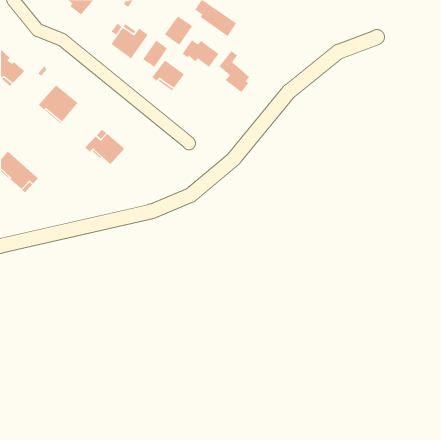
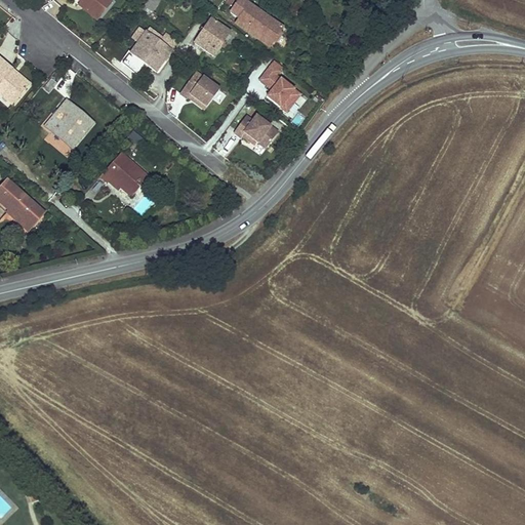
building: [181,39,219,68] -> [233,115,278,149]
building: [142,39,168,68] -> none

